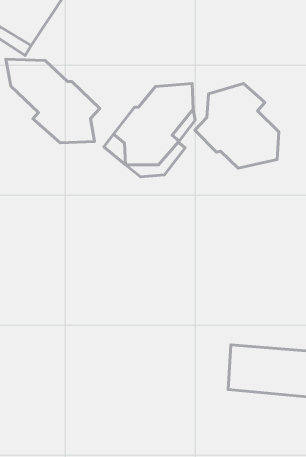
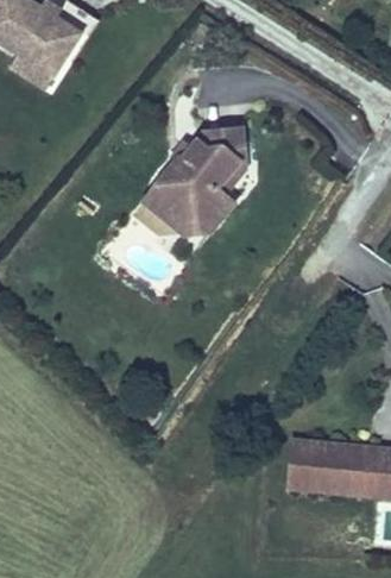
building: [6,59,100,143] -> none
building: [195,83,279,168] -> none

